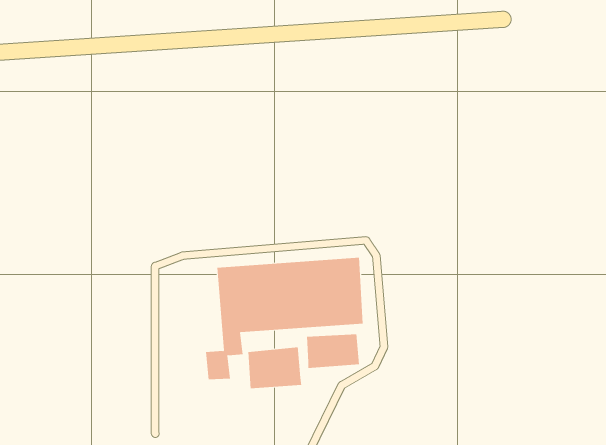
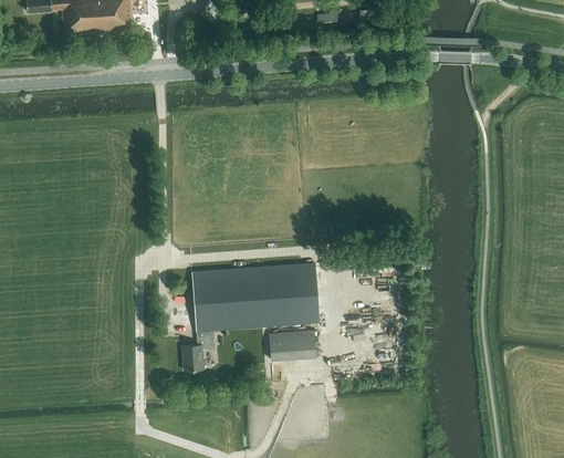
building: [248,346,302,389] -> none

